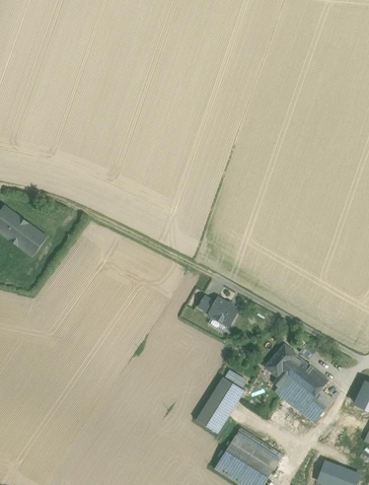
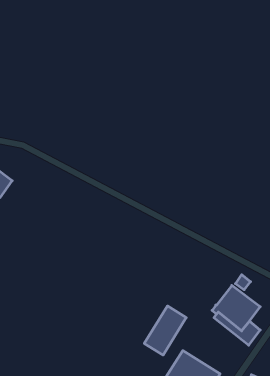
building: [208,297,237,327] -> none
building: [265,343,296,376] -> none

